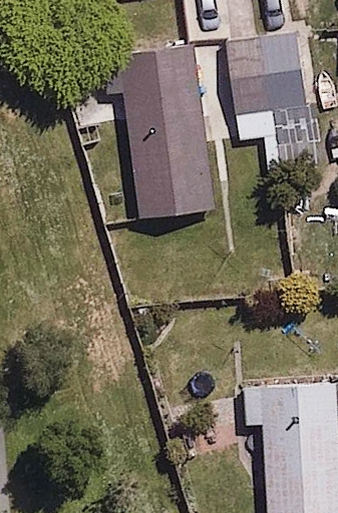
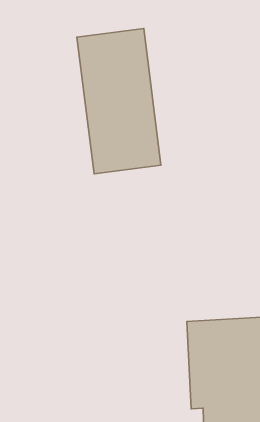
building: [227,32,309,115] -> none

